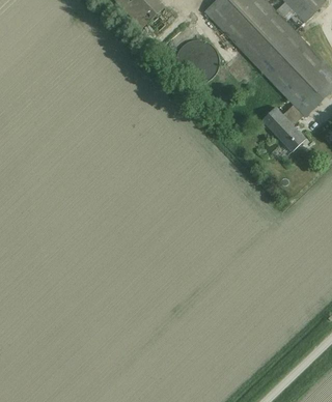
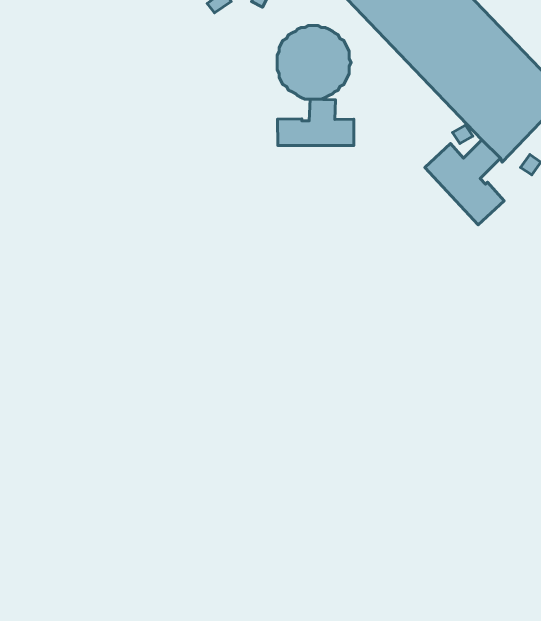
building: none -> [278,99,354,146]

